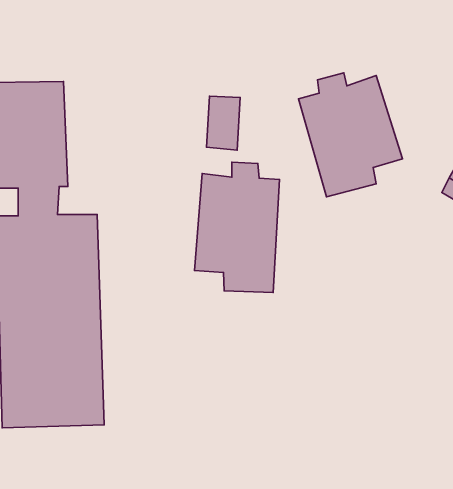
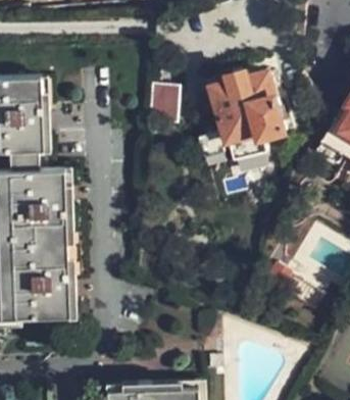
building: [194,162,280,292] -> none

